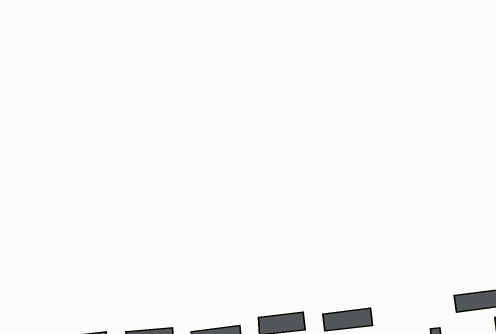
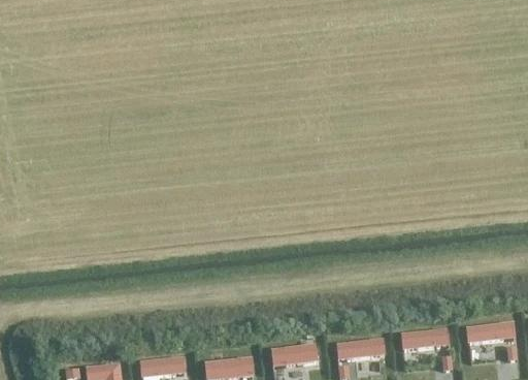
building: none -> [401,328,449,351]

